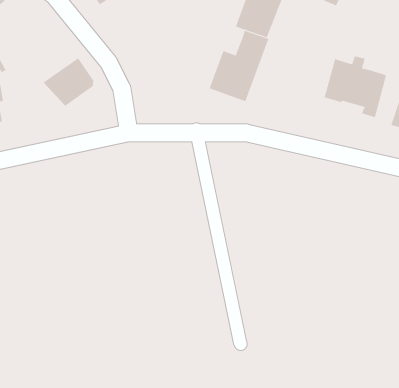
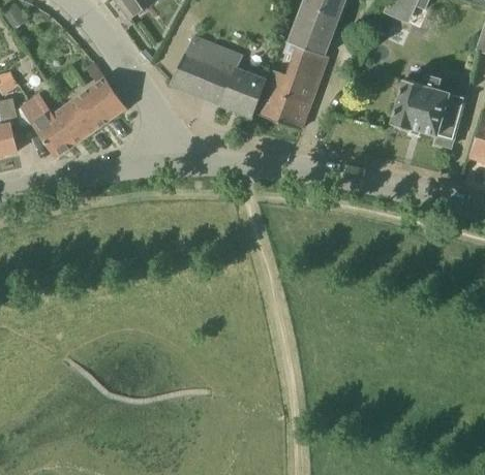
building: none -> [171,35,268,118]
building: none -> [21,93,90,158]

